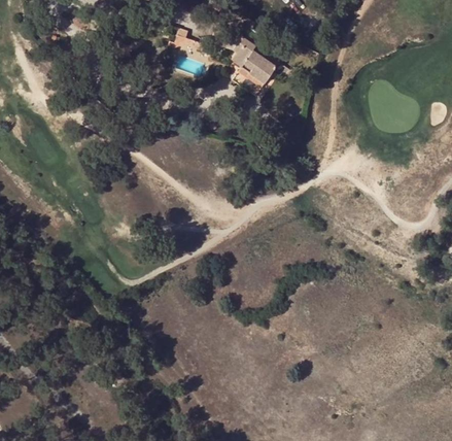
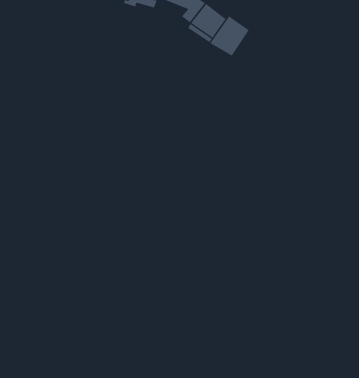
building: none -> [210,16,249,56]

